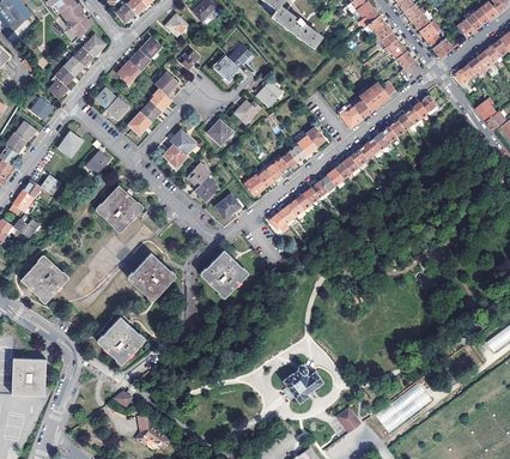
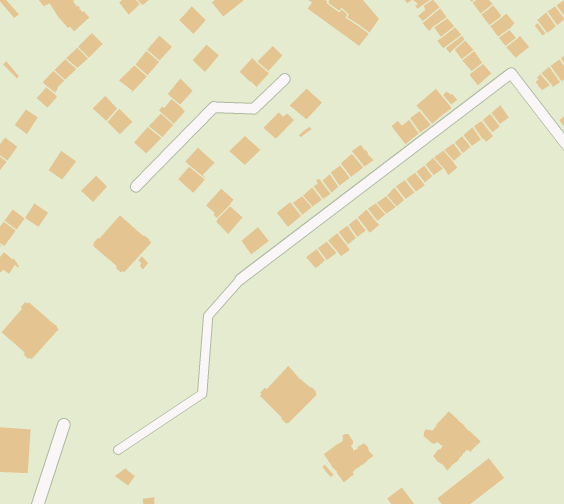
building: [200,249,248,297] -> [259,365,318,424]
building: [128,252,176,300] -> none
building: [96,316,144,364] -> none
building: none -> [423,410,482,471]

